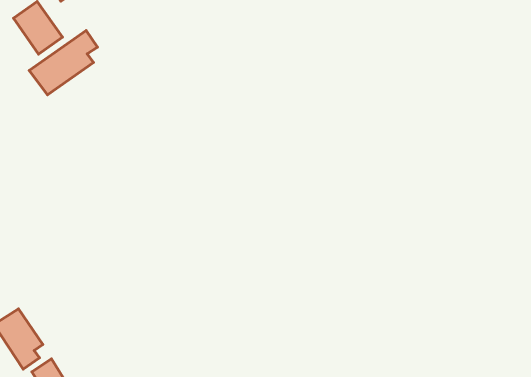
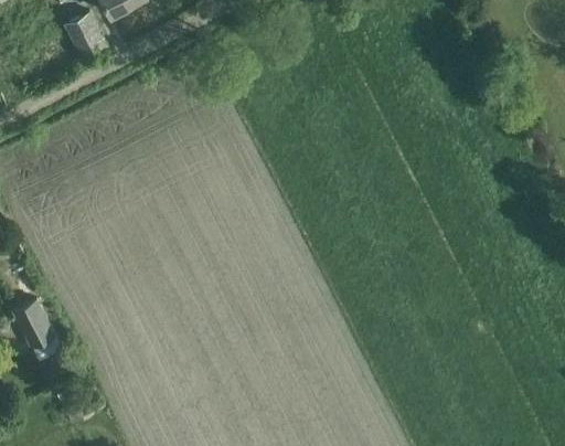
building: [29,30,97,95] -> none

